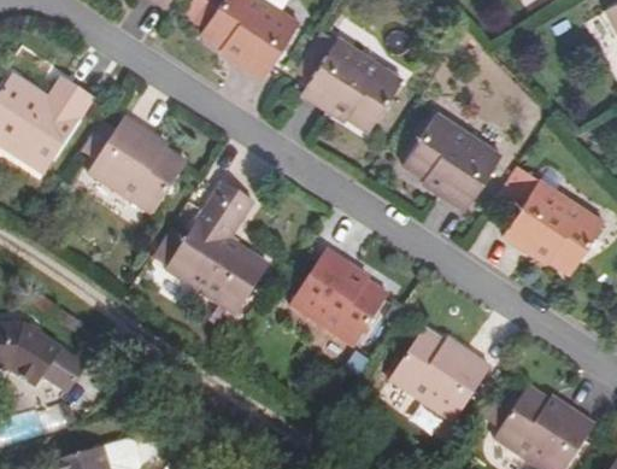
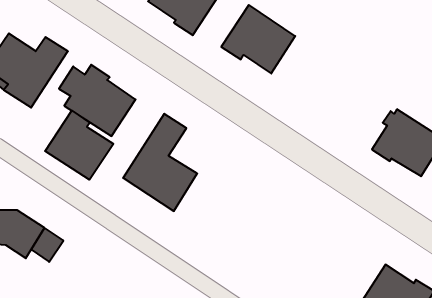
building: [405,112,501,207] -> none
building: none -> [45,111,113,180]
building: [290,247,388,345] -> none
building: [387,328,487,420] -> none

